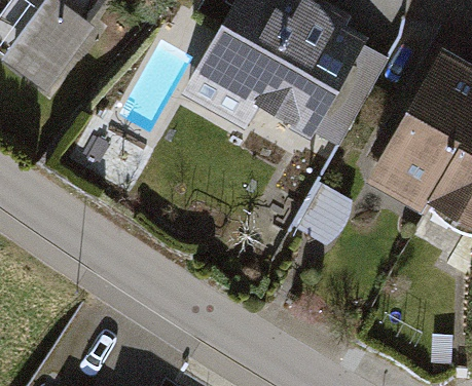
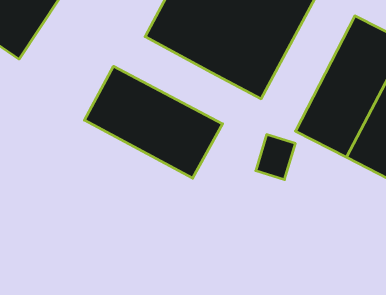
building: none -> [84,66,223,178]

